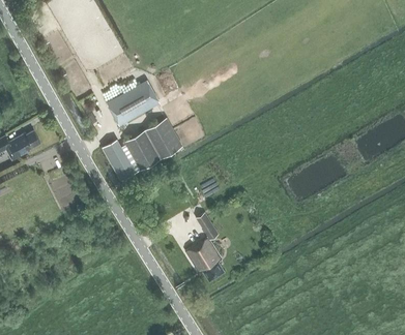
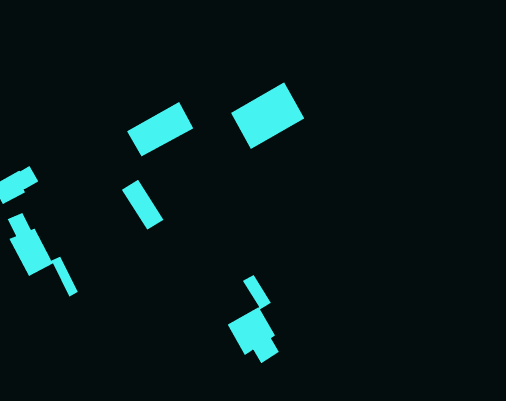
building: [124,118,181,170] -> [230,82,305,150]
building: none -> [7,212,78,297]

